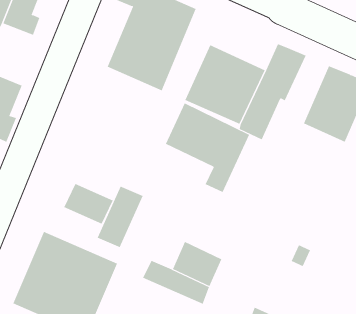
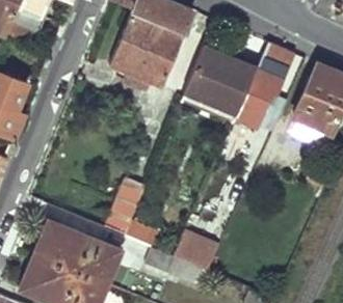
building: [165,103,250,193] -> none
building: [64,183,114,225] -> none

